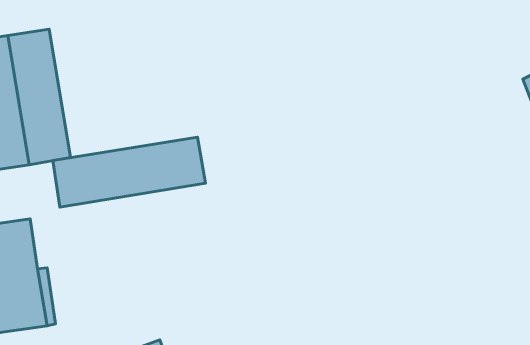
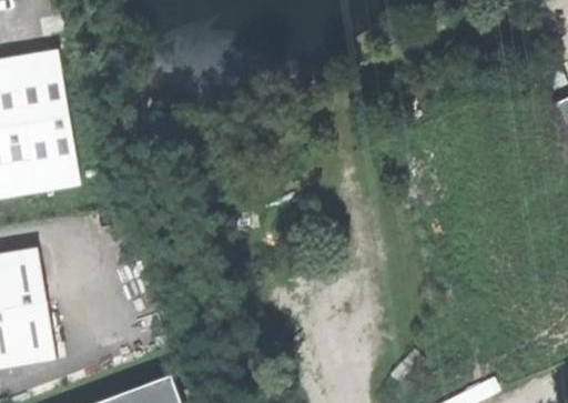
building: [53,137,205,207] -> none

